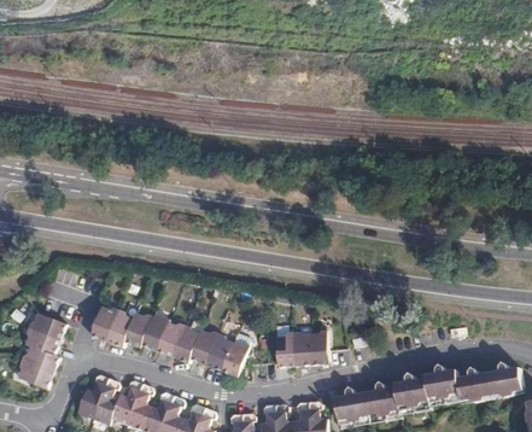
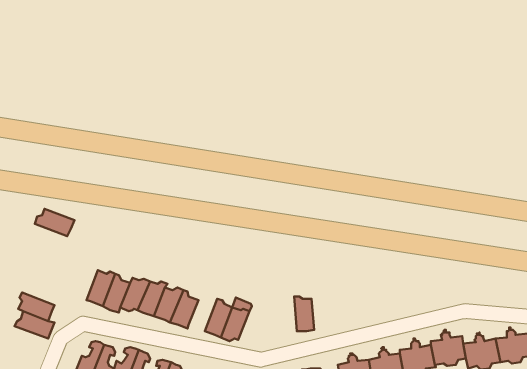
building: [28,313,66,339] -> [35,209,74,236]
building: [189,329,217,364] -> none
building: [309,329,328,363] -> none
building: [275,331,294,366] -> none
building: [17,360,53,389] -> none

